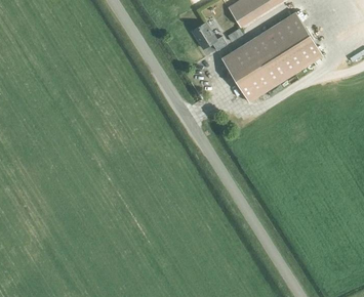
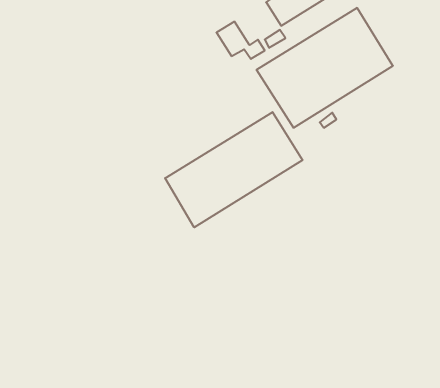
building: none -> [165,112,302,227]

